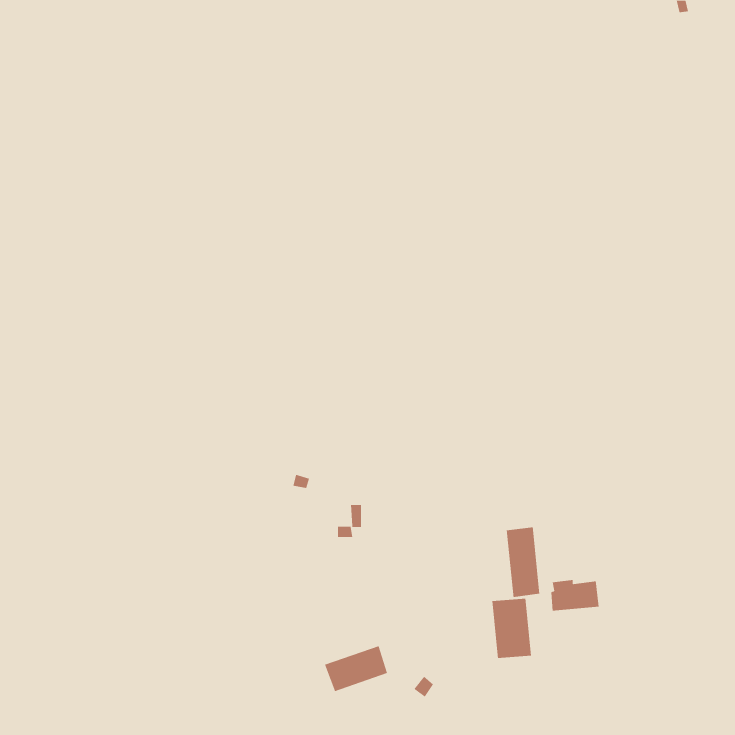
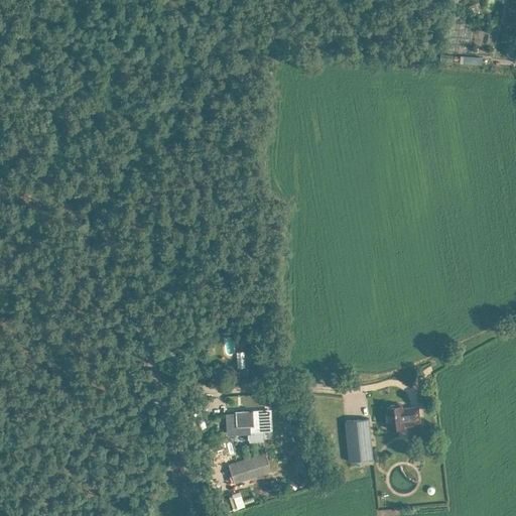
building: [506,526,540,598] -> none
building: none -> [227,410,271,442]

